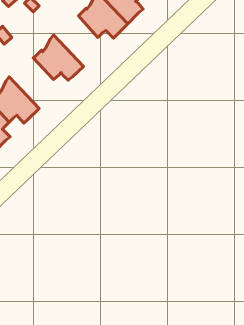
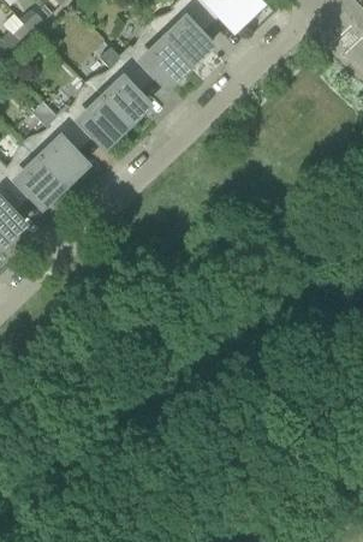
building: none -> [85,48,149,127]
building: none -> [23,115,87,186]

